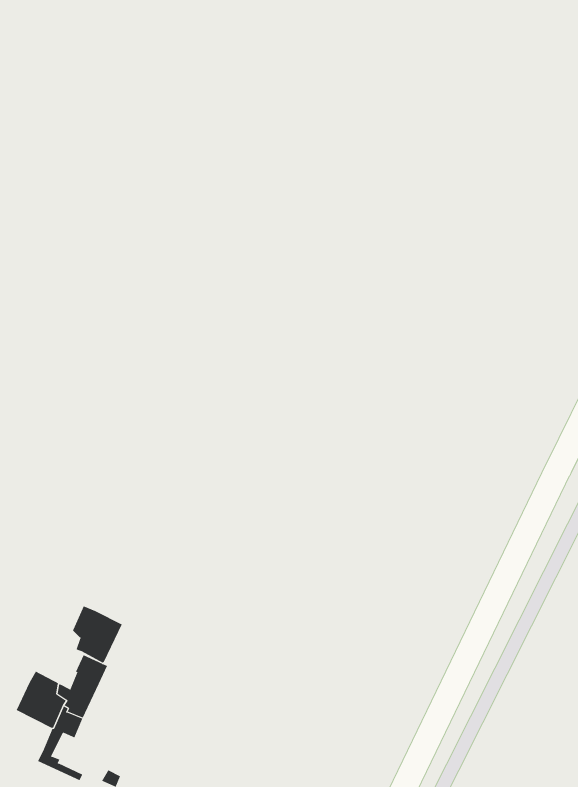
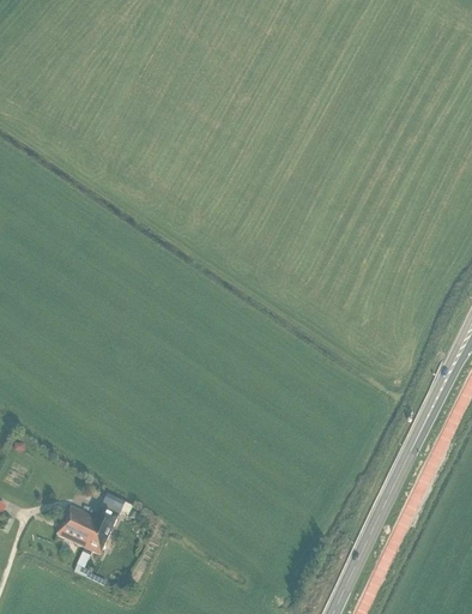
building: [72,606,122,664] -> none

